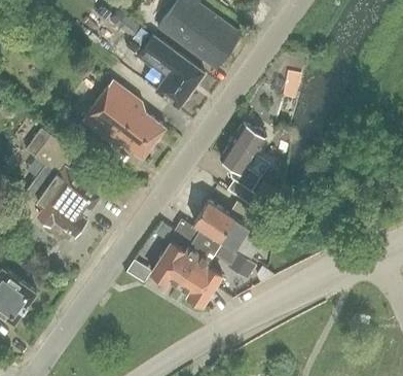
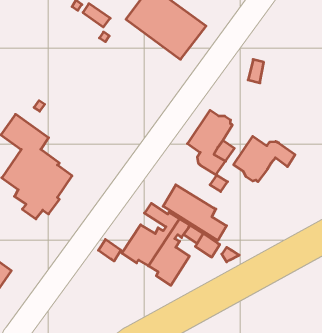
building: [138,35,205,107] -> none
building: [82,80,164,159] -> none
building: none -> [234,136,295,182]

